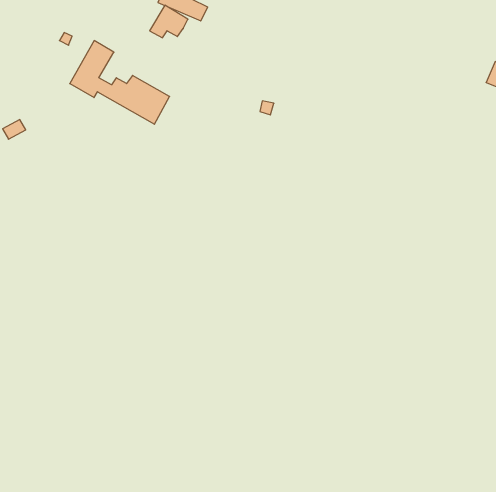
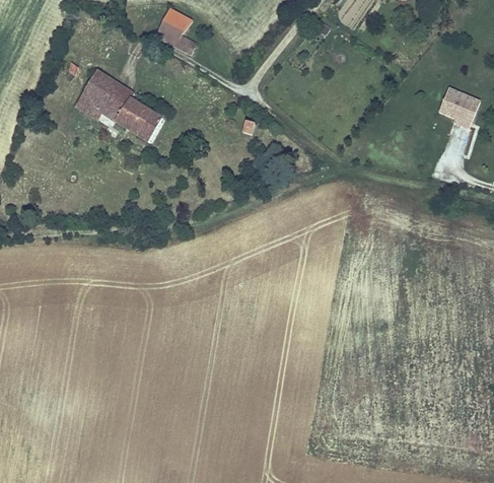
building: [150,5,188,38] -> [101,78,135,107]

